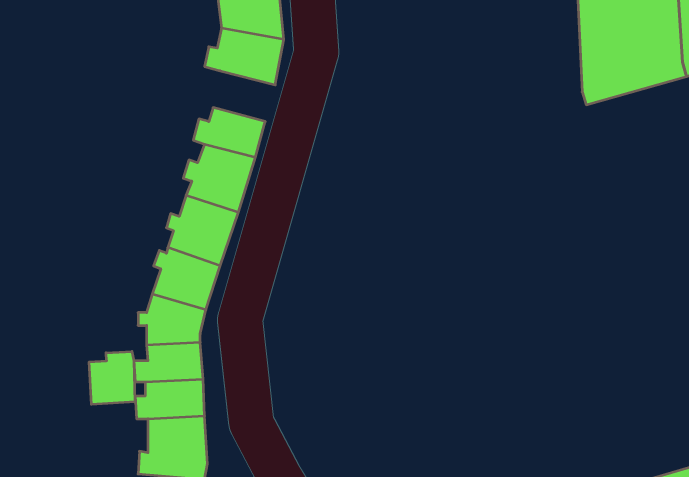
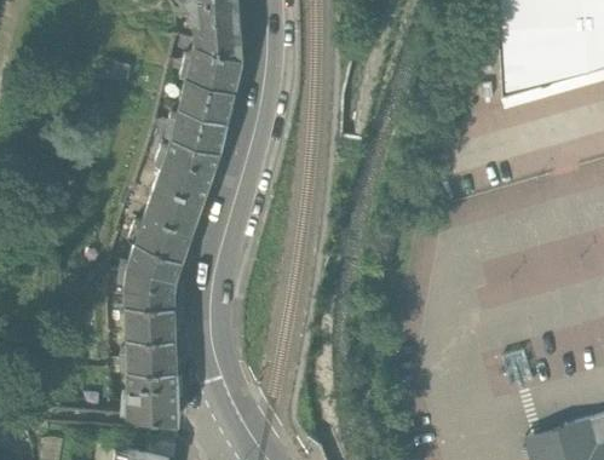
building: none -> [176,76,237,120]
building: [89,351,135,404] -> none

